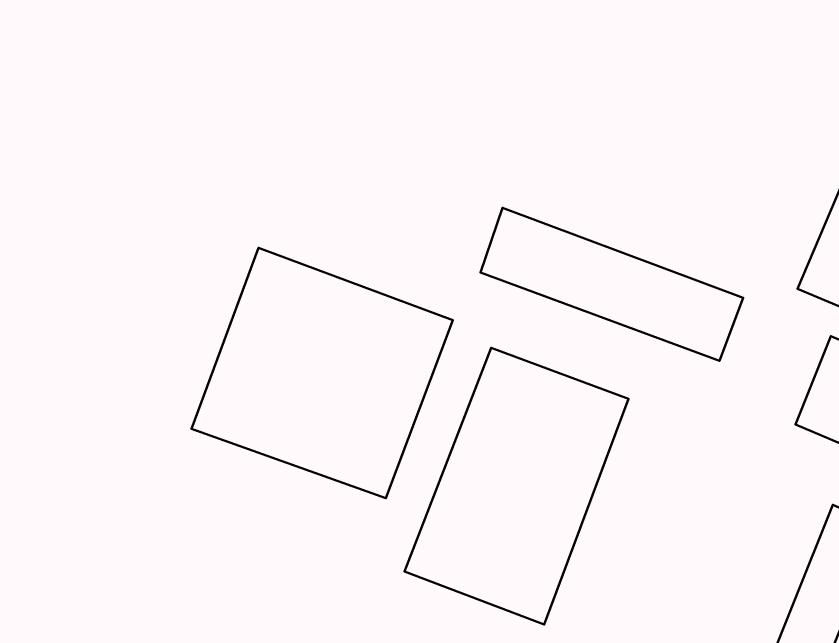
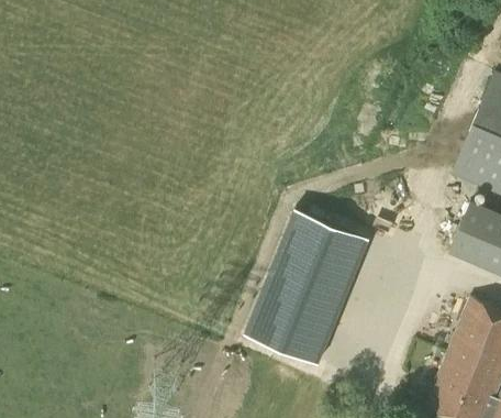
building: [481,208,743,361] -> none
building: [191,248,453,498] -> none

